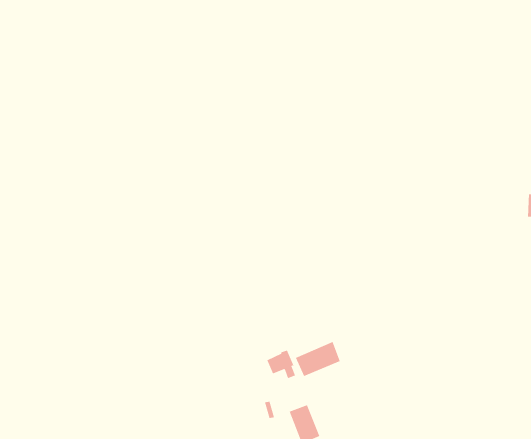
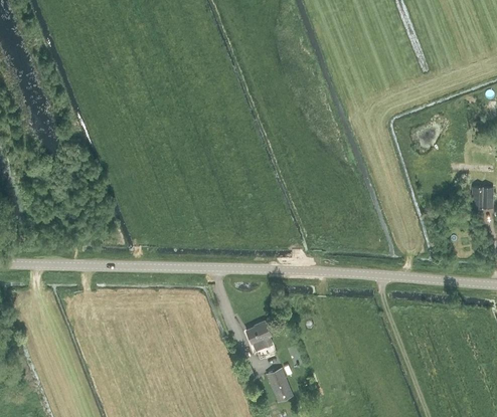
building: [295,341,341,377] -> none

